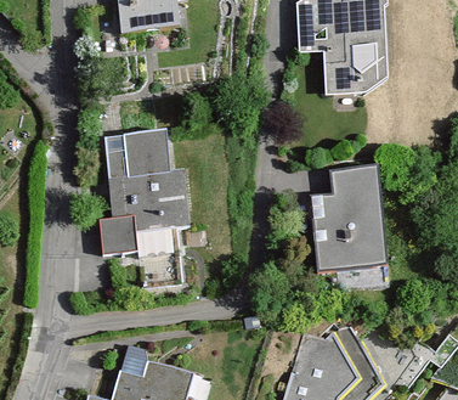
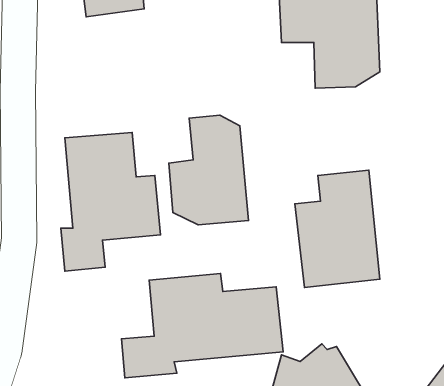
building: none -> [169,115,249,225]
building: none -> [122,274,283,378]

